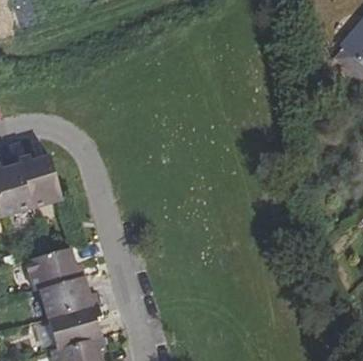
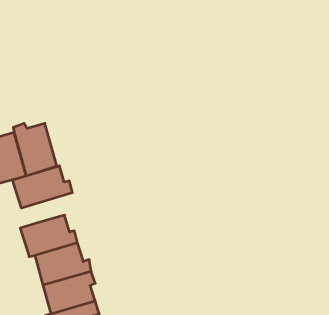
building: none -> [13,166,72,208]

